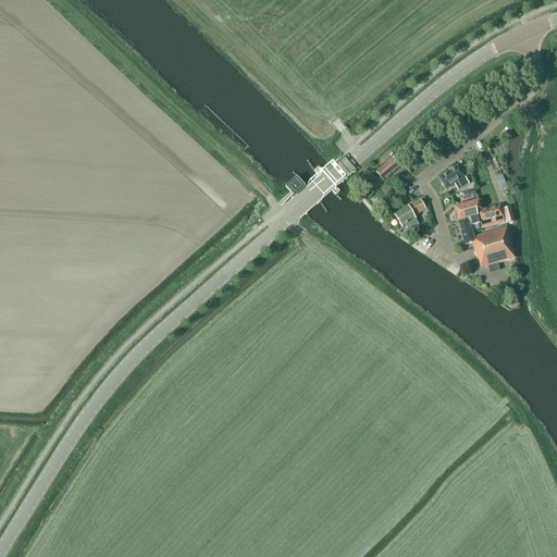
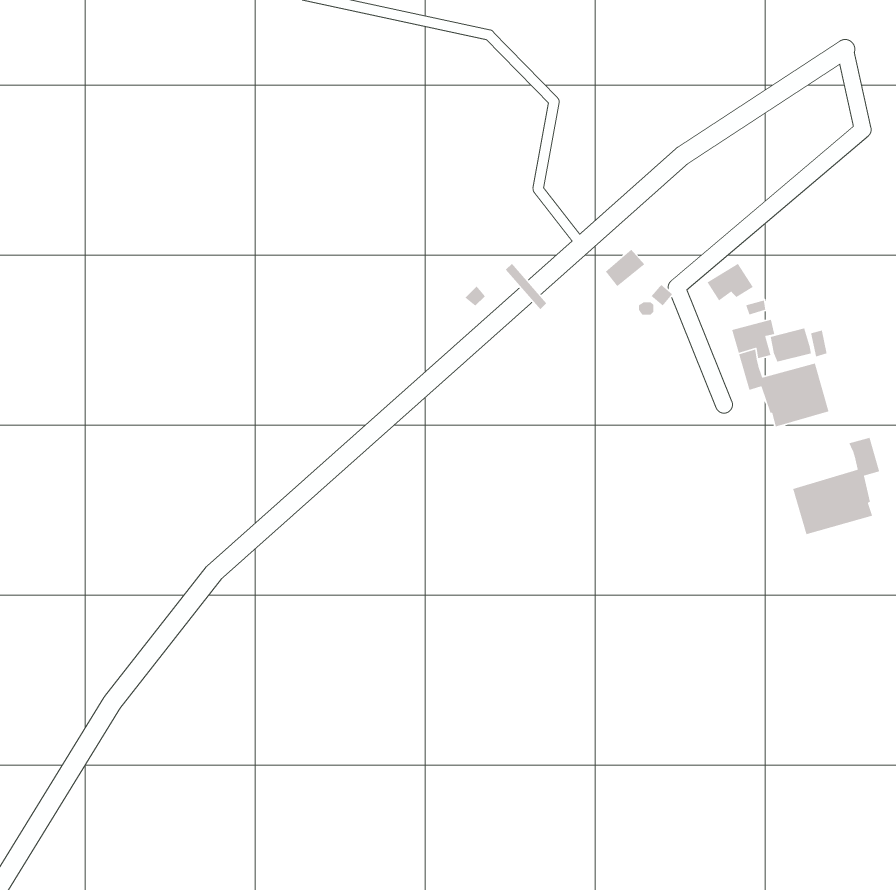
building: [394,197,425,228] -> none
building: none -> [792,437,880,535]

